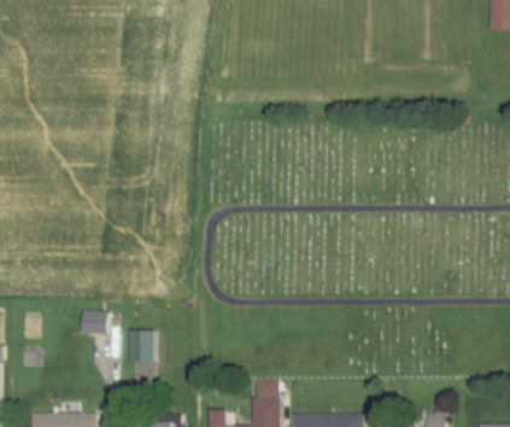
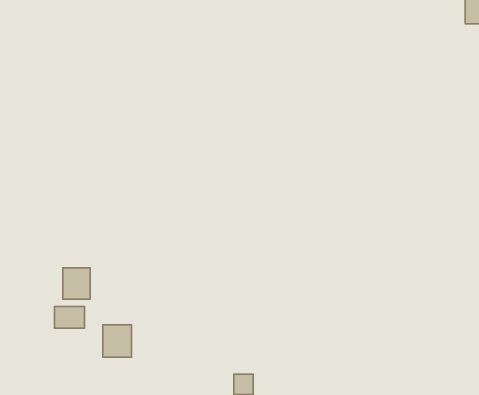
building: none -> [63,268,90,299]

